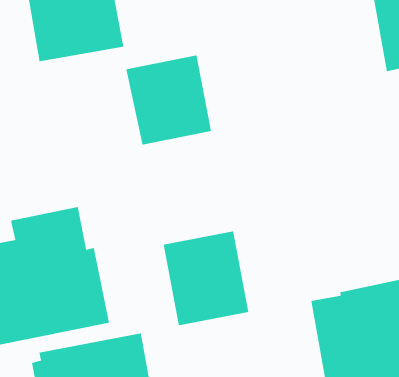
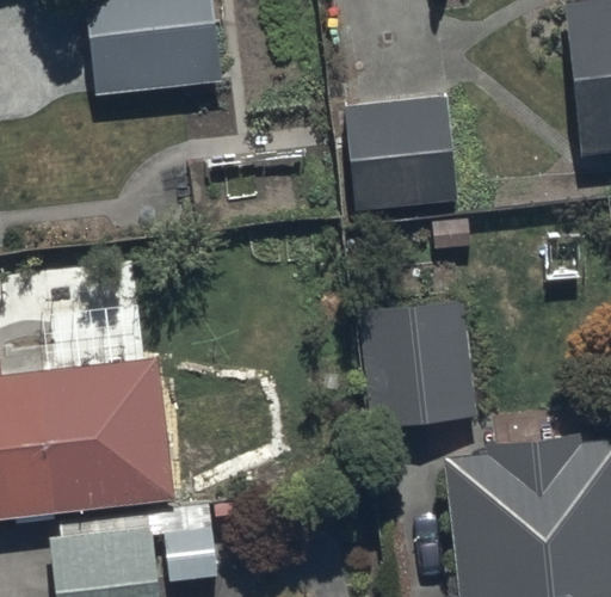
building: [125,55,212,145] -> [342,94,456,214]
building: [163,231,249,326] -> [363,307,475,432]

